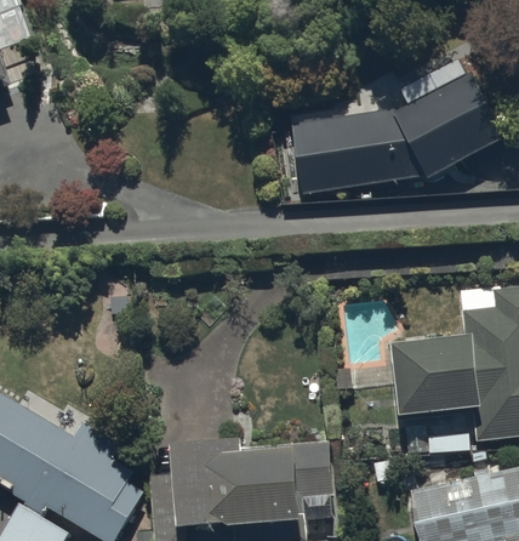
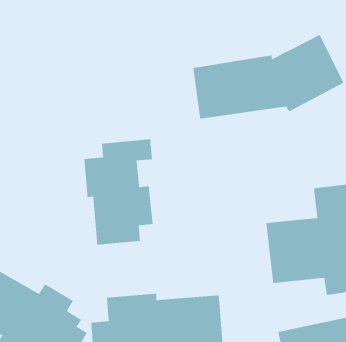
building: none -> [84,138,153,245]

